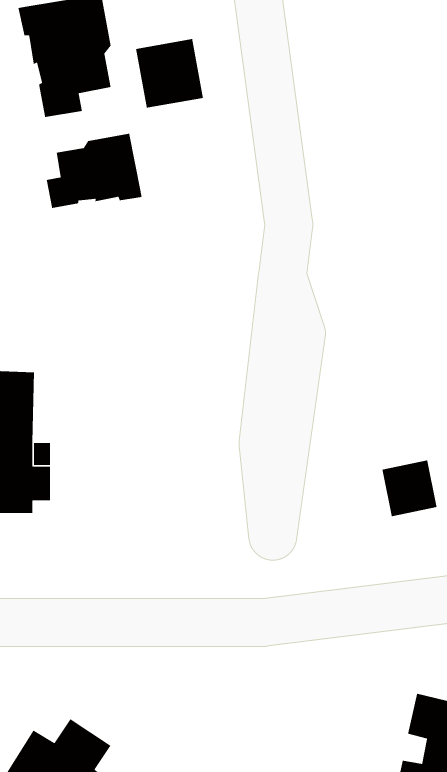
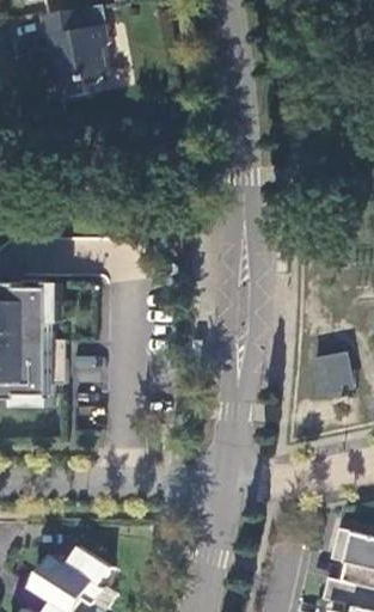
building: [135,38,204,109] -> none
building: [46,133,143,209] -> none

